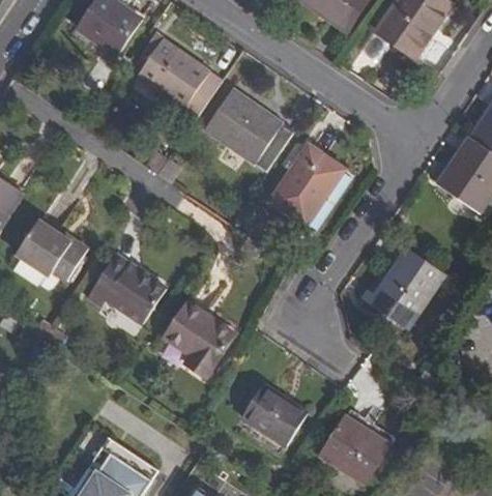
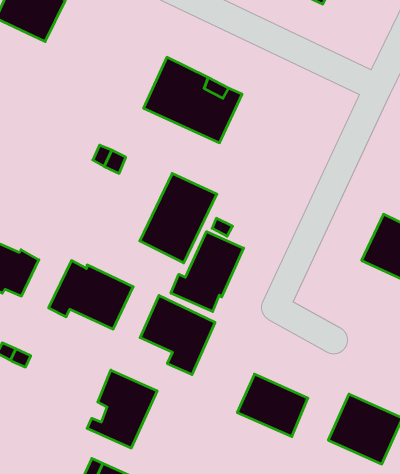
building: [136,41,222,113] -> none
building: [270,144,346,226] -> [140,173,217,263]
building: none -> [171,232,244,312]
building: none -> [87,370,157,448]

